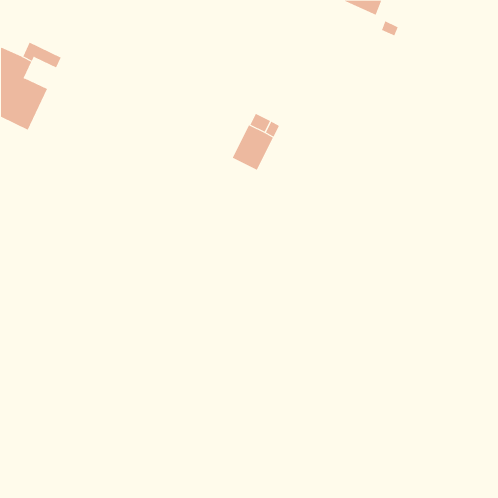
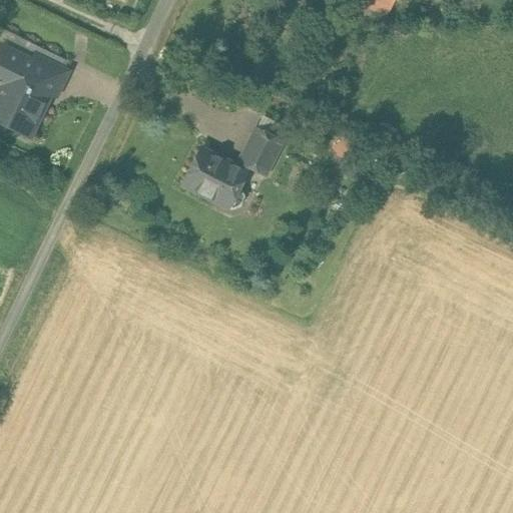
building: none -> [25,59,64,93]
building: none -> [182,148,245,208]

